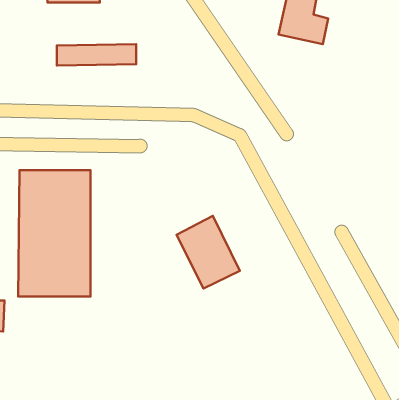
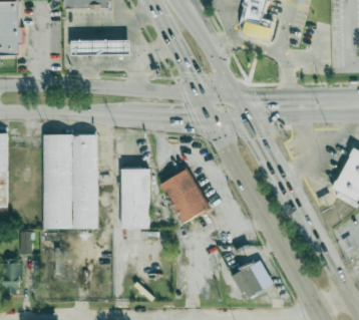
building: none -> [120,168,147,228]
building: none -> [233,260,272,298]

